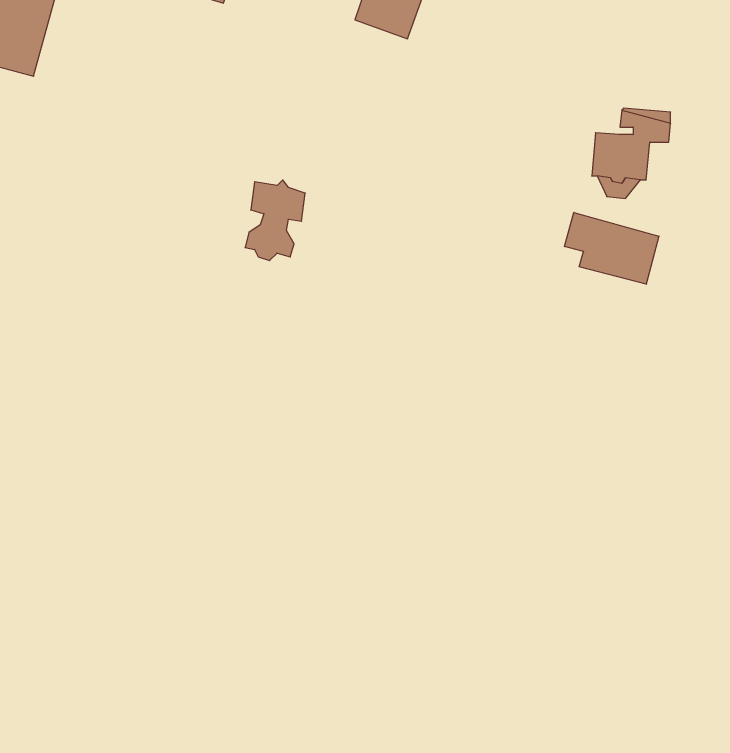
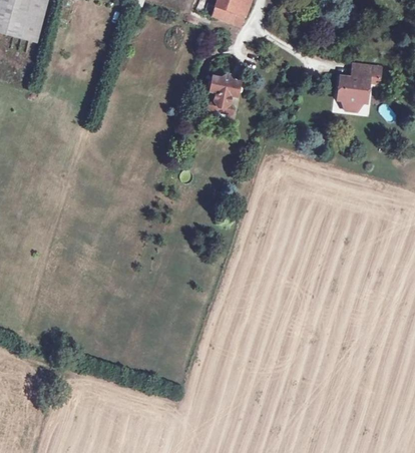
building: [245,180,305,261] -> [208,72,240,115]
building: [565,212,659,284] -> none

